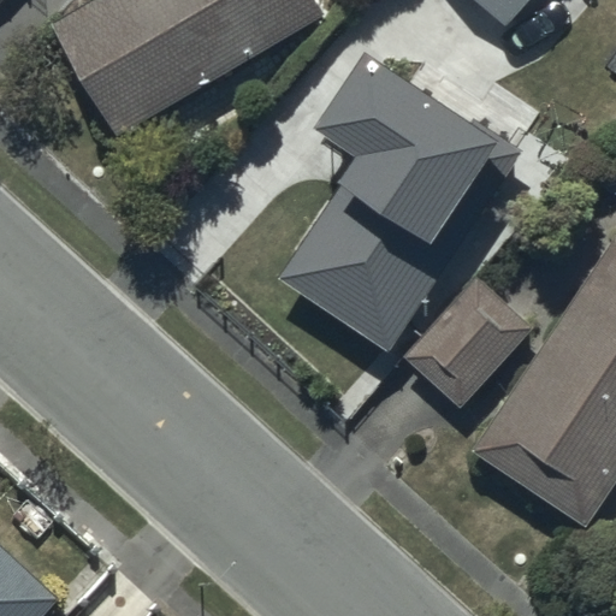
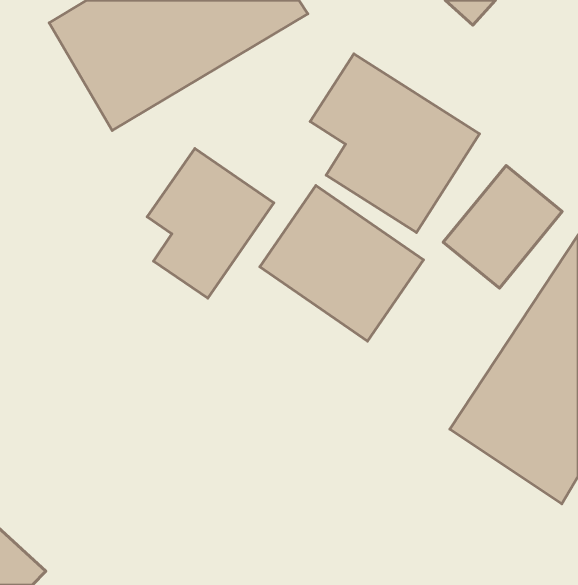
building: none -> [147,148,274,298]
building: [404,277,529,405] -> [443,166,562,288]

